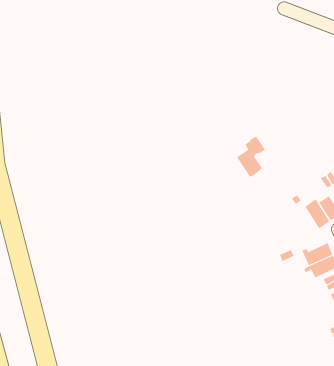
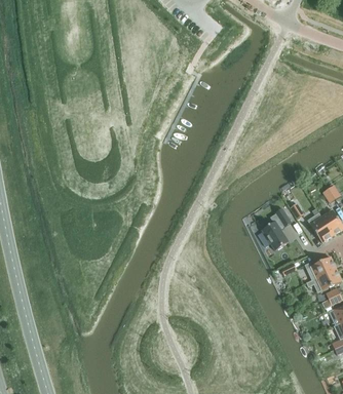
building: [236,136,266,178] -> [262,207,292,249]

